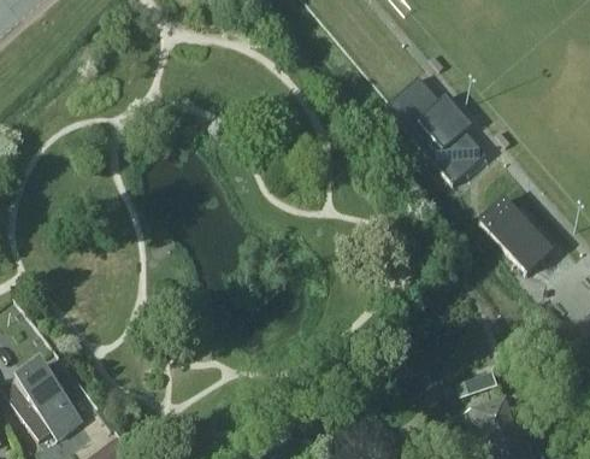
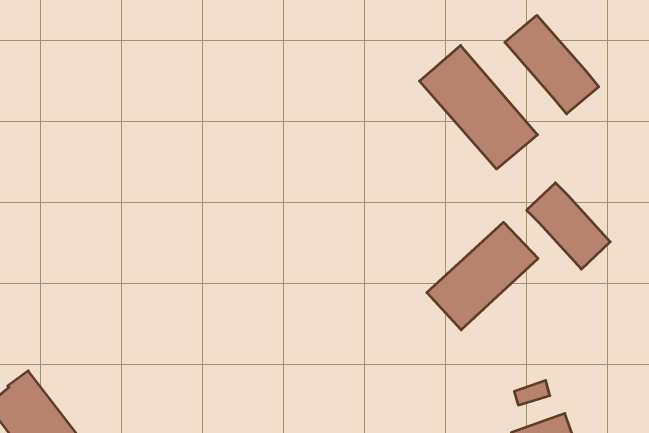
building: none -> [505,15,599,114]
building: none -> [427,222,538,330]

